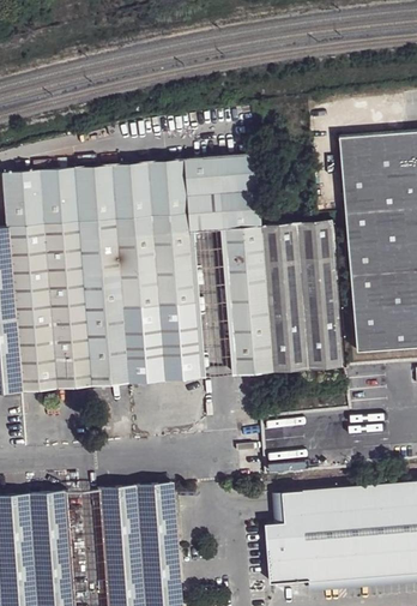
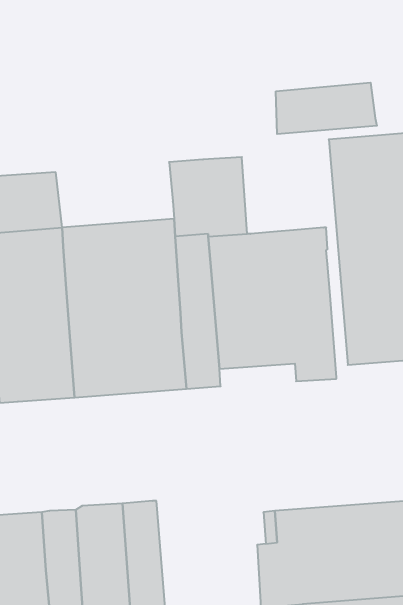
building: none -> [276,83,377,134]
building: [75,158,188,221] -> none
building: [231,350,304,372] -> none

